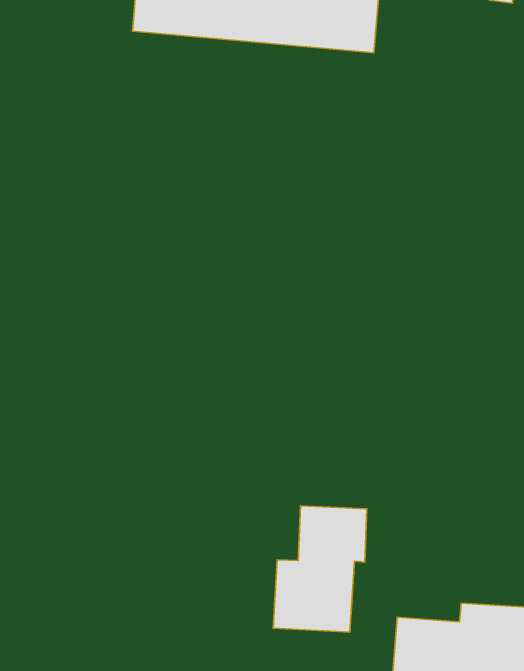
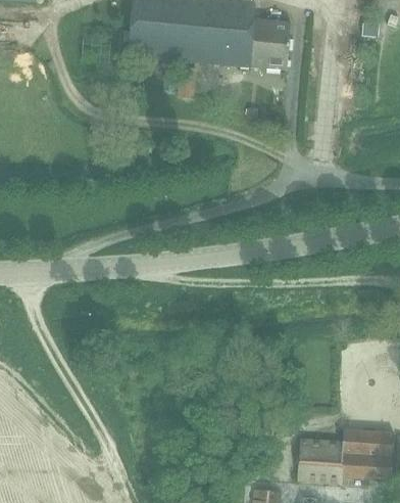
building: [273,506,367,632] -> none

